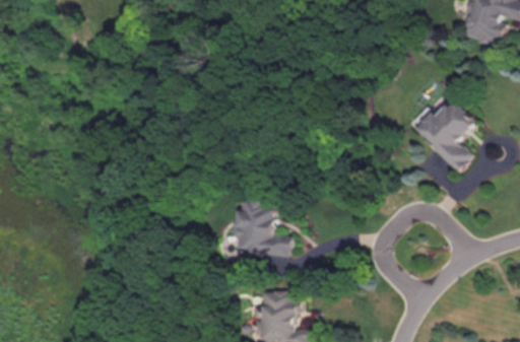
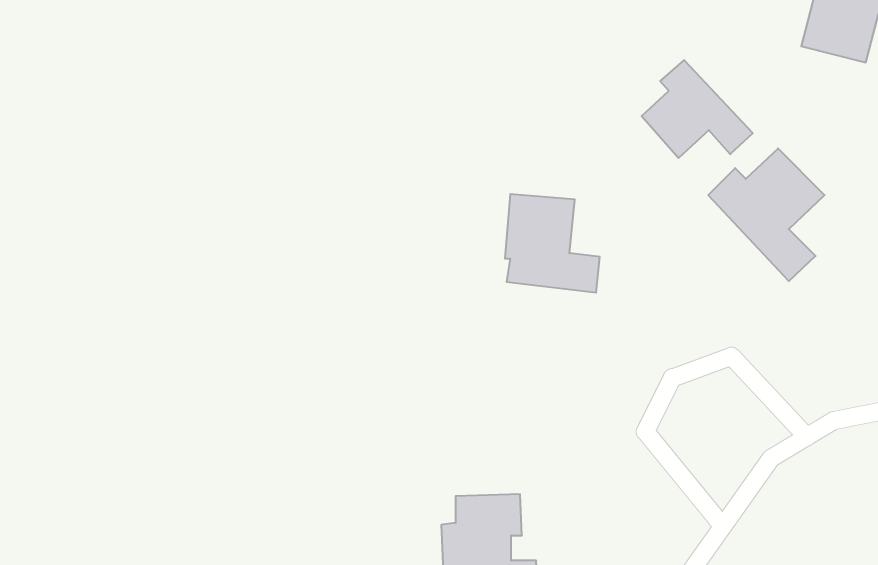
building: none -> [642,60,753,158]
building: [238,201,291,257] -> [505,194,600,293]

